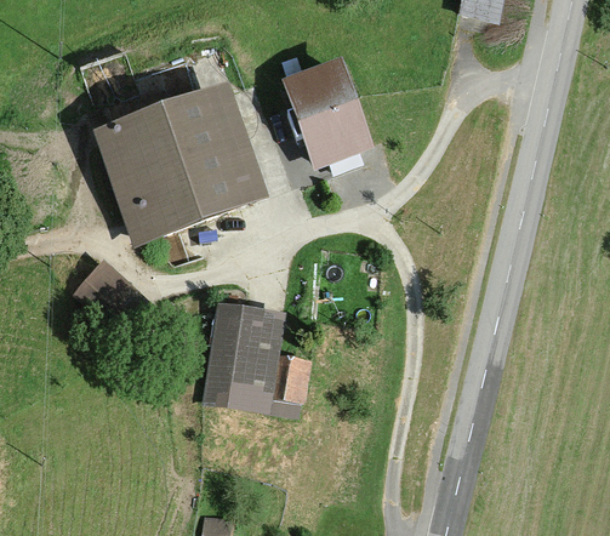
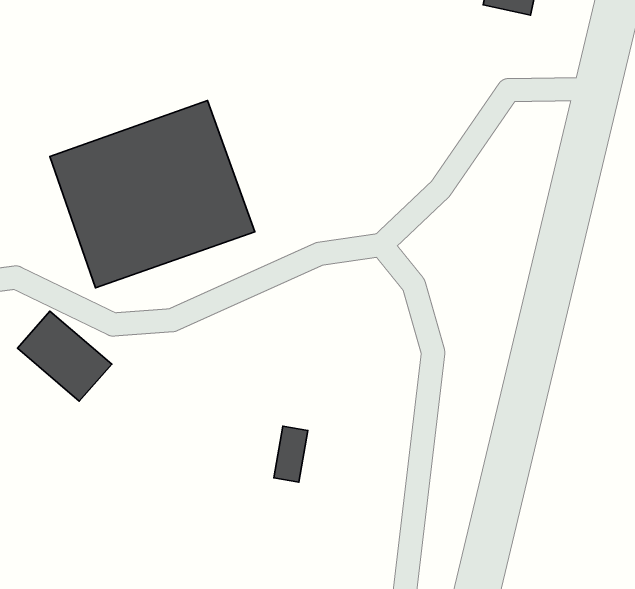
building: [283,63,372,171] -> none
building: [204,304,283,410] -> none

